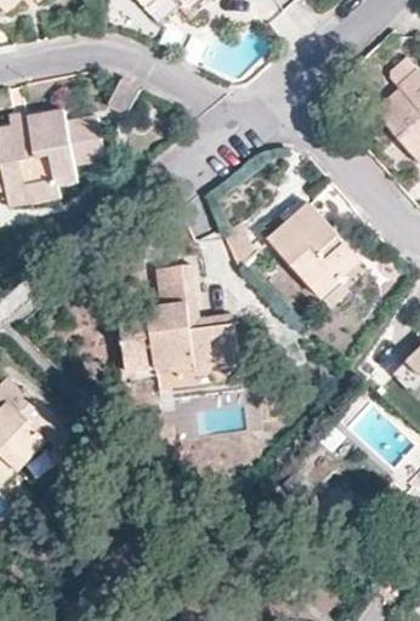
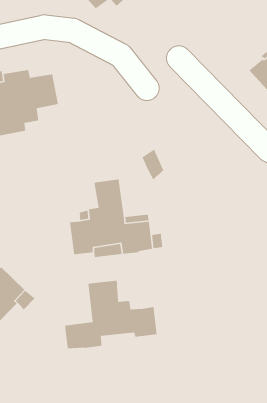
building: [269,203,361,297] -> none
building: none -> [64,280,158,349]

